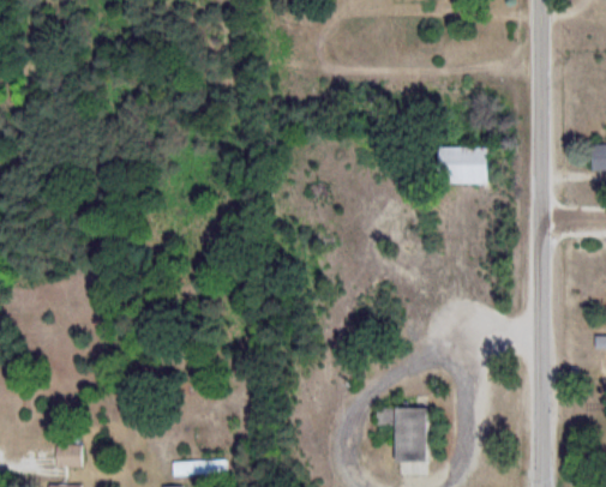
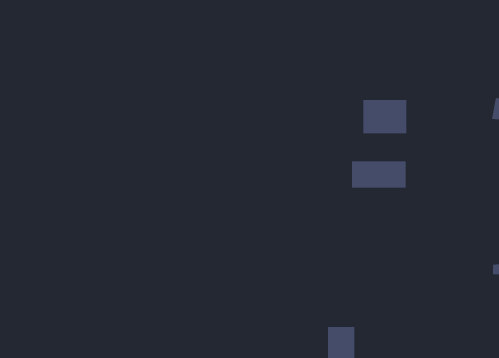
building: none -> [352,160,406,188]

